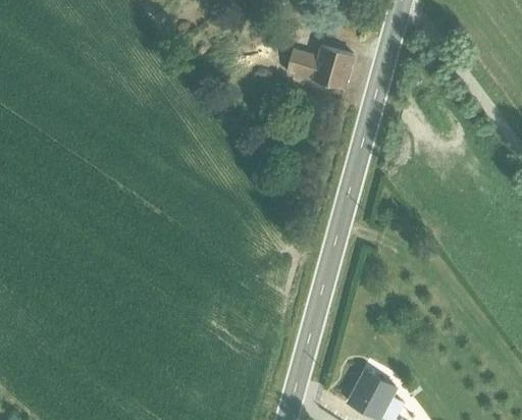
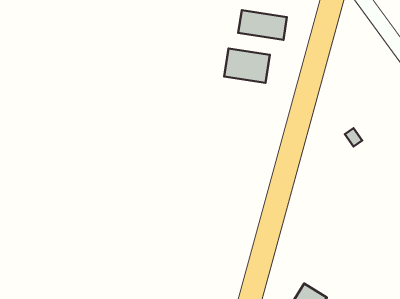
building: none -> [224,49,270,83]

